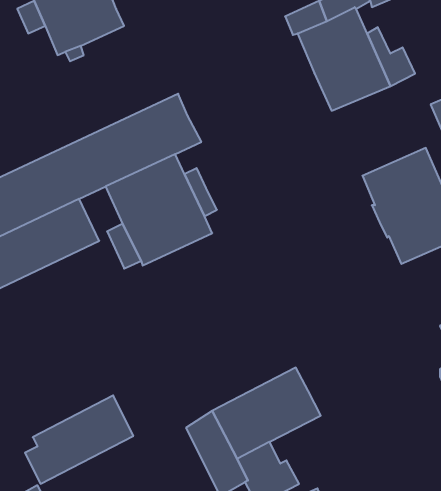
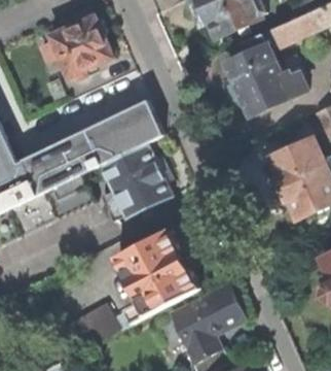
building: none -> [117,230,199,322]

